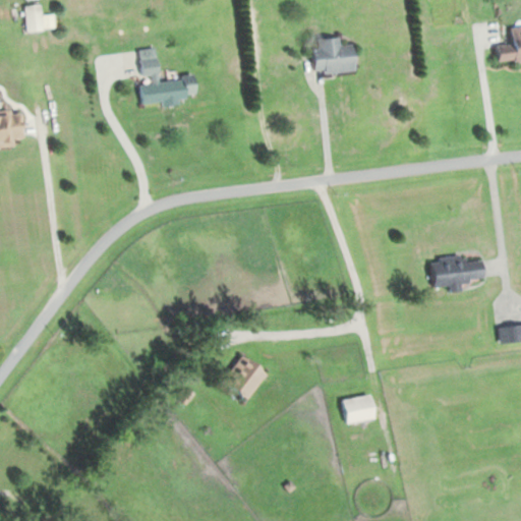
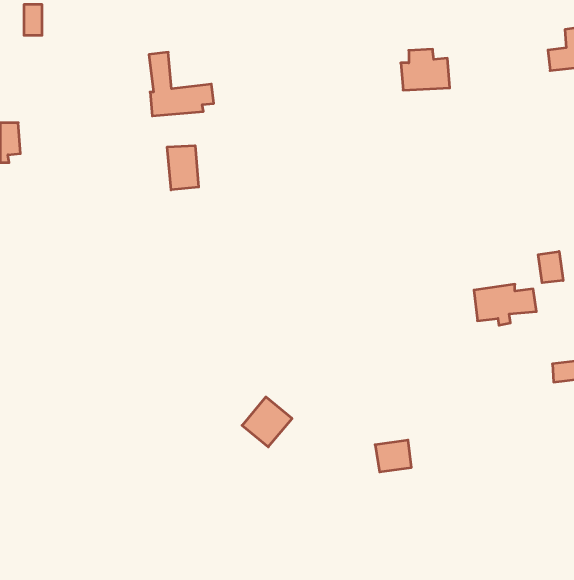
building: [312,37,356,73] -> [401,49,450,90]
building: none -> [167,146,199,190]
building: none -> [538,251,563,283]

